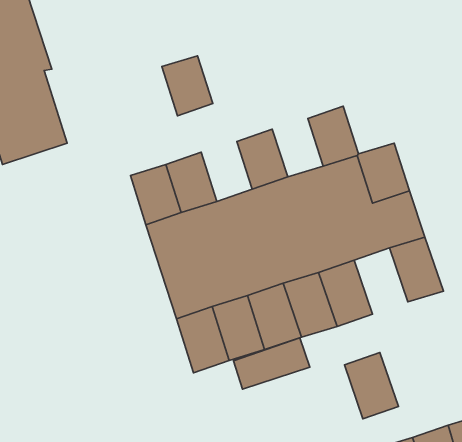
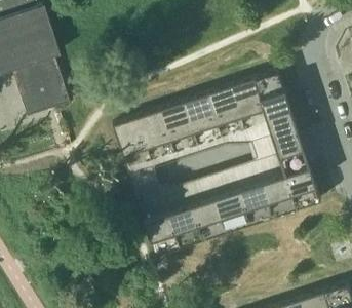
building: [162,56,213,116] -> [159,103,193,143]
building: none -> [253,72,287,111]
building: none -> [206,87,240,126]
building: [234,338,310,389] -> none
building: [344,353,398,419] -> [261,174,297,218]

